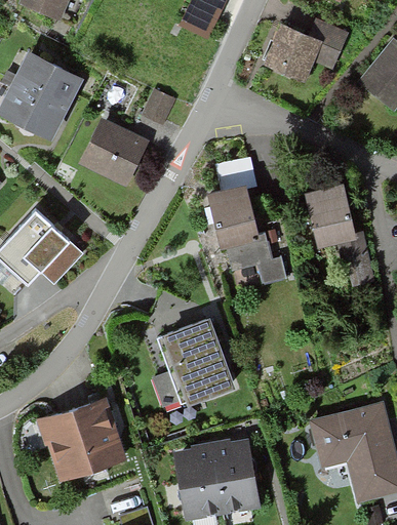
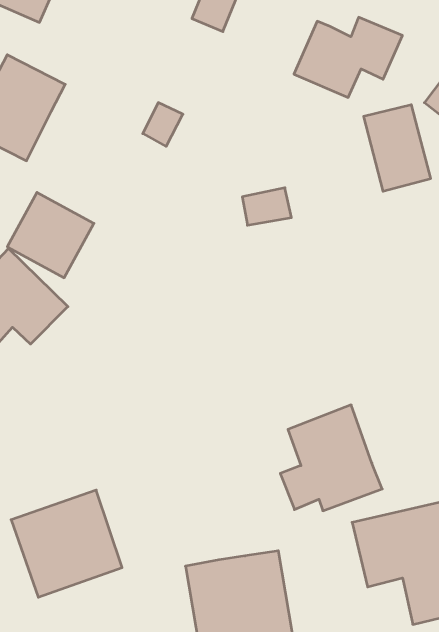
building: [81,115,150,183] -> [7,192,94,278]
building: [306,186,359,254] -> [364,105,431,191]
building: [208,188,285,282] -> none
building: [150,317,231,401] -> [280,405,382,511]

